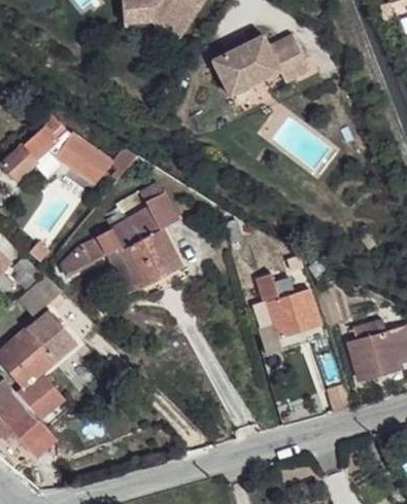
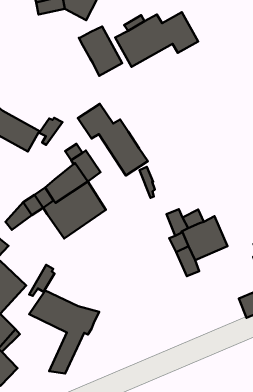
building: none -> [79,26,122,76]
building: none -> [78,104,148,176]
building: none -> [29,265,99,374]

